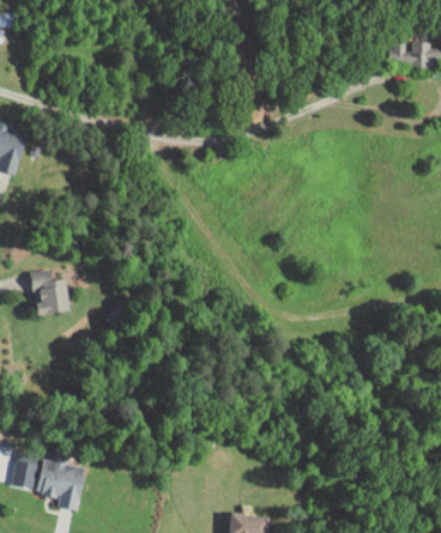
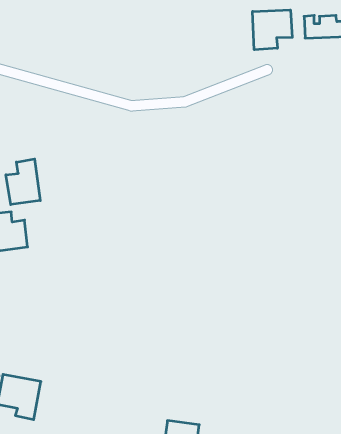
building: none -> [253,10,292,50]
building: none -> [6,159,40,205]

